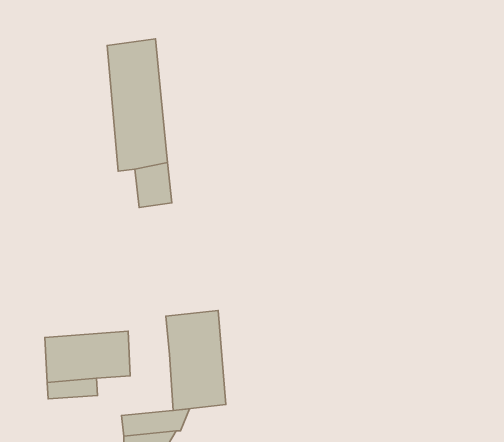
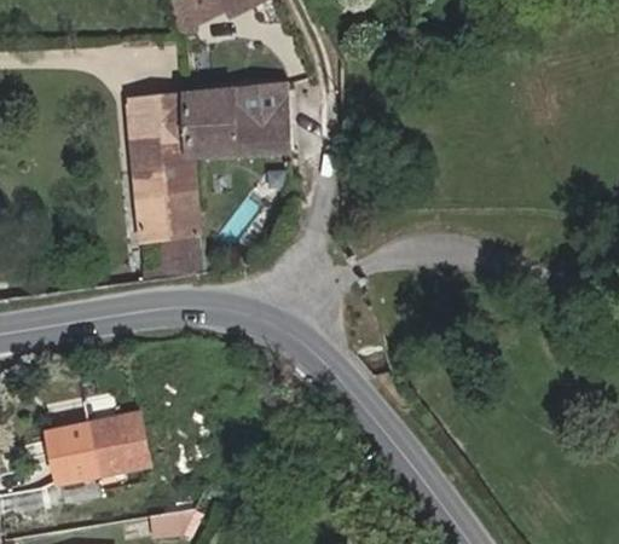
building: none -> [178,81,283,167]
building: [166,310,226,410] -> none

